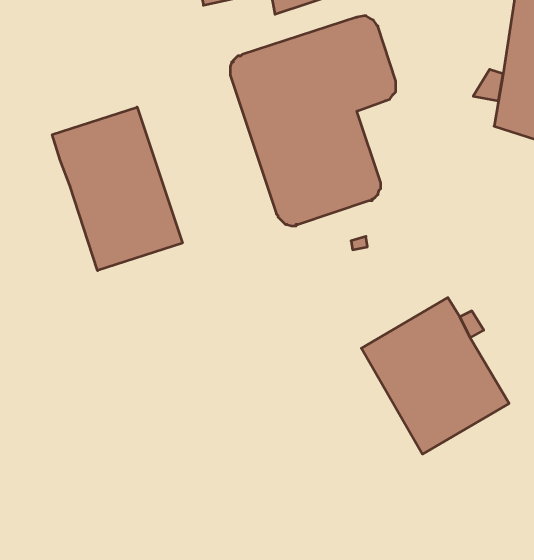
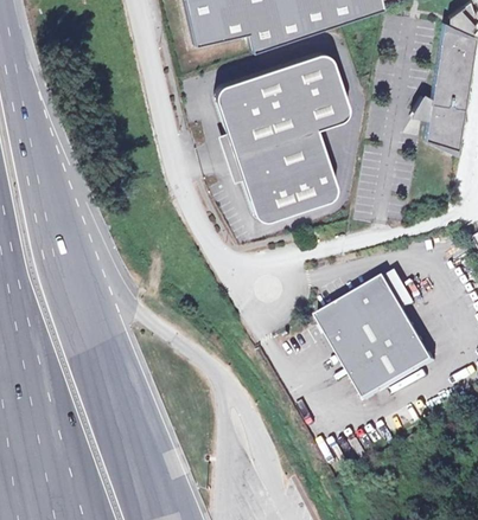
building: [52,107,182,271] -> none

